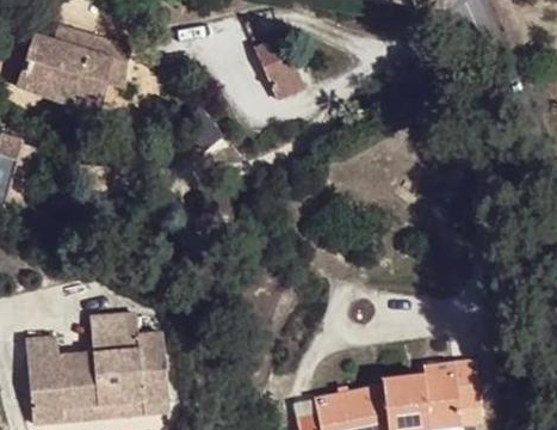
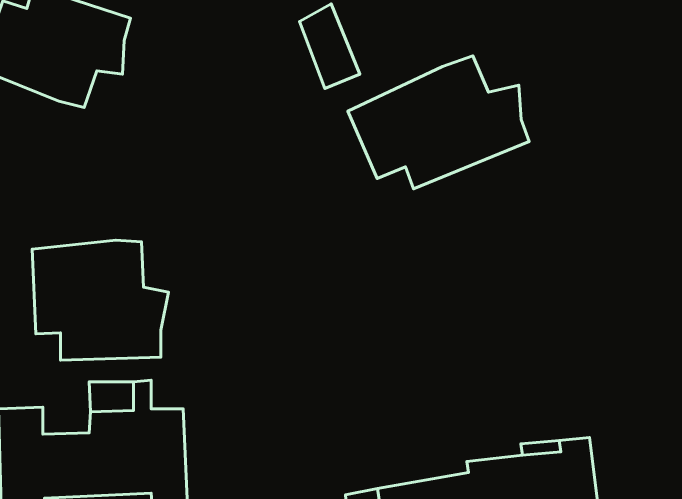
building: none -> [348,56,529,189]
building: none -> [32,240,168,360]

